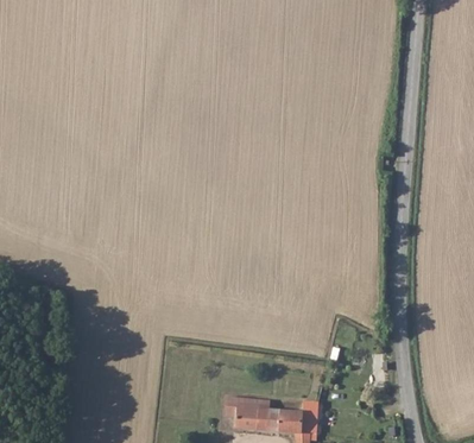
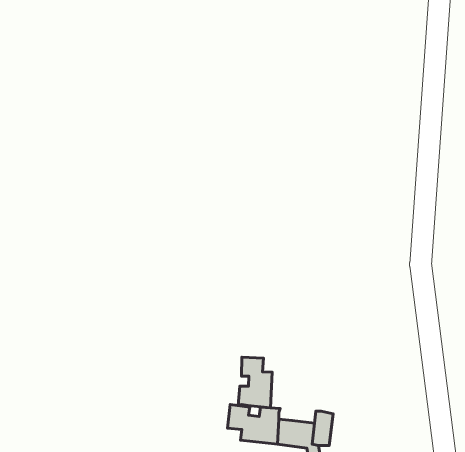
building: none -> [238,357,272,408]

